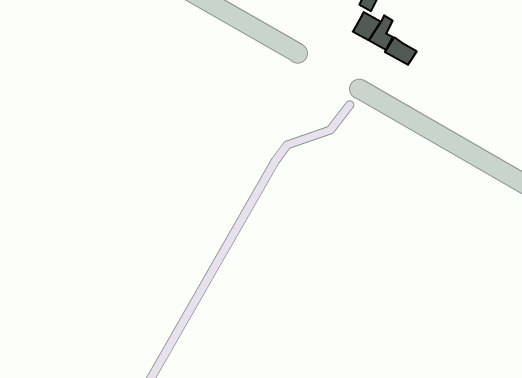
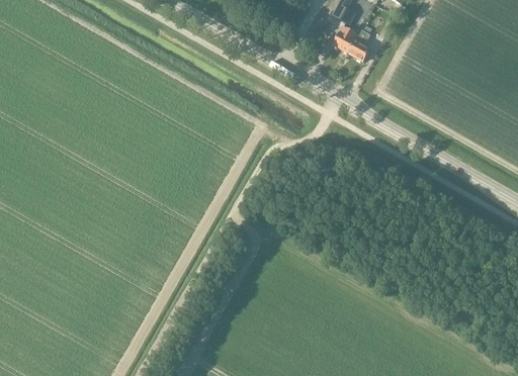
building: [385,37,417,65] -> none

